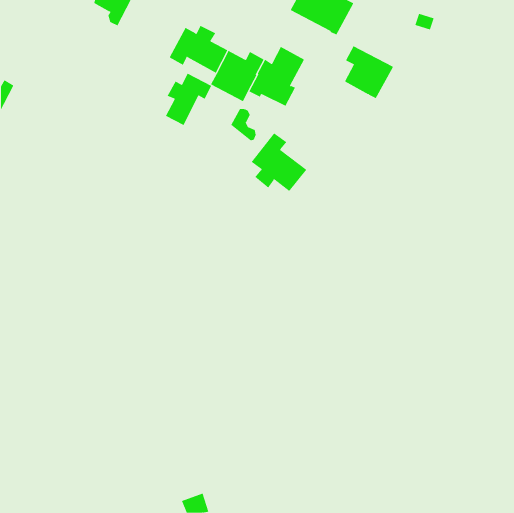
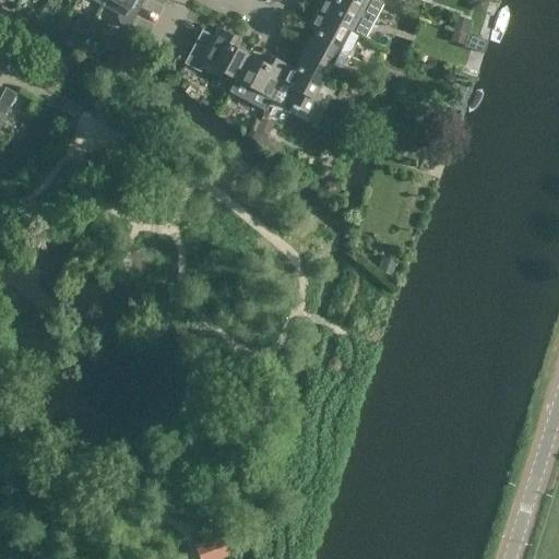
building: [344,45,393,99] -> [305,11,358,69]
building: [165,73,212,126] -> none
building: [251,132,307,192] -> none

